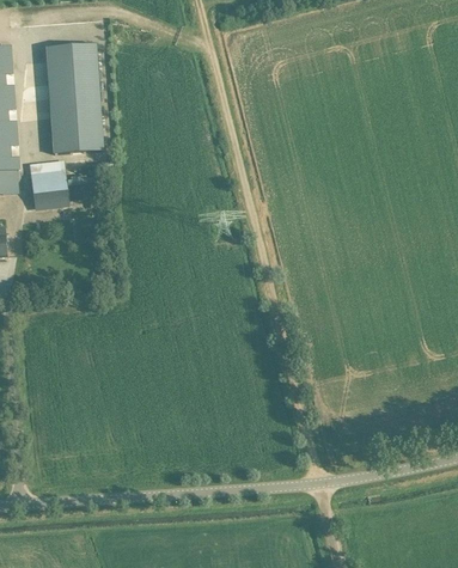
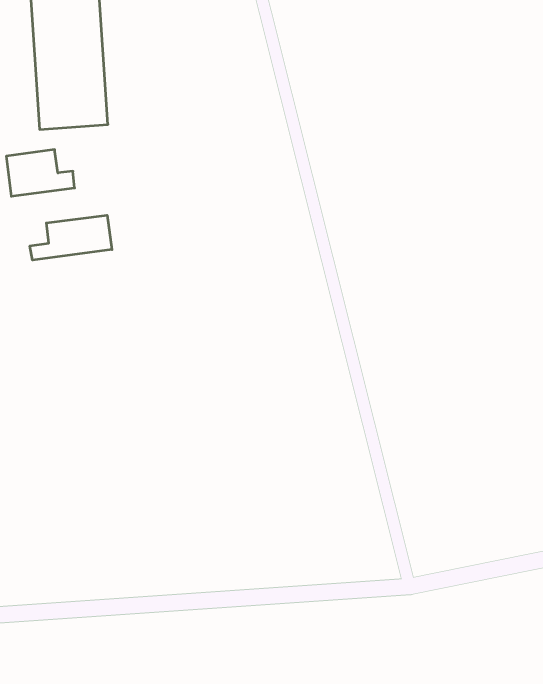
building: none -> [30,215,112,260]

